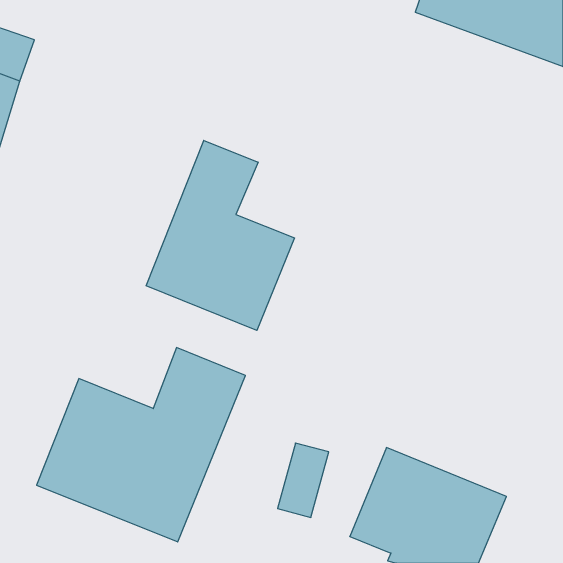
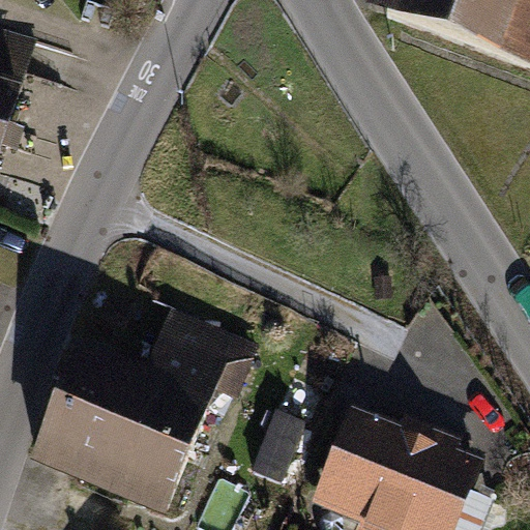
building: [146,140,295,330] -> none

